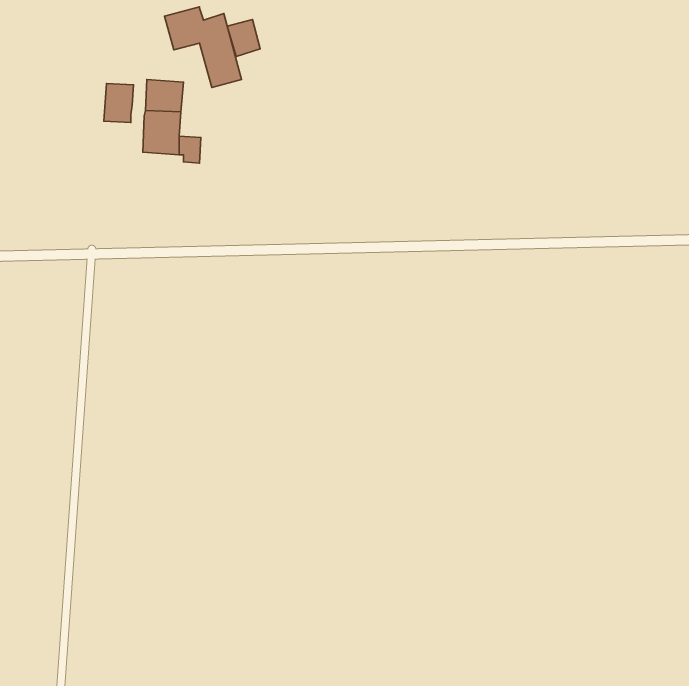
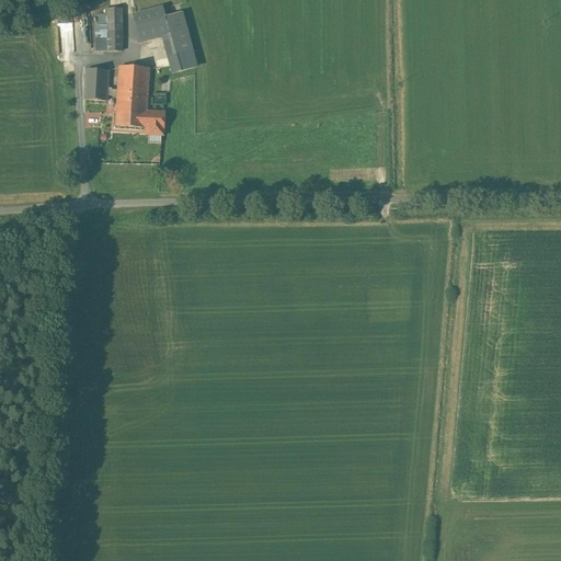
building: none -> [96,7,121,49]
building: [227,19,260,56] -> none

